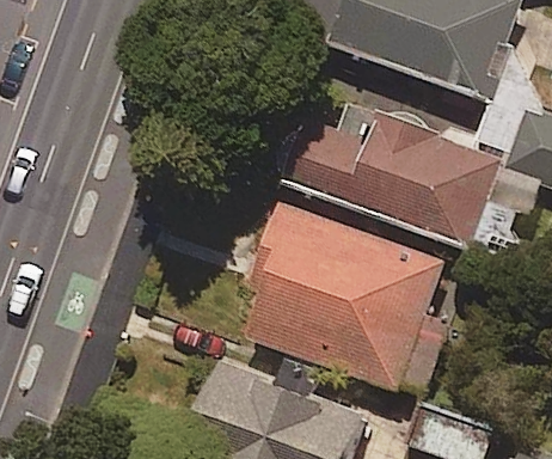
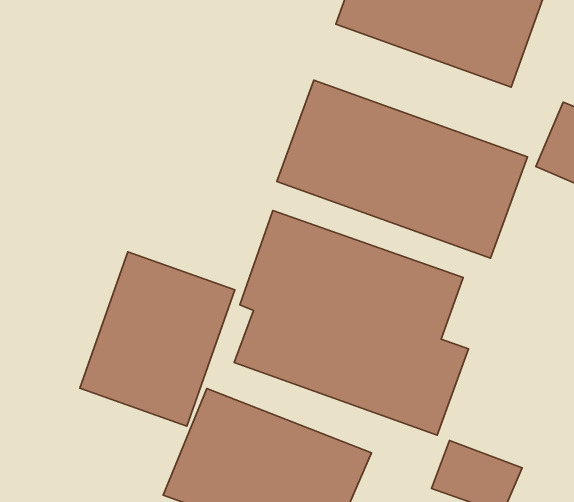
building: none -> [80,252,235,426]

